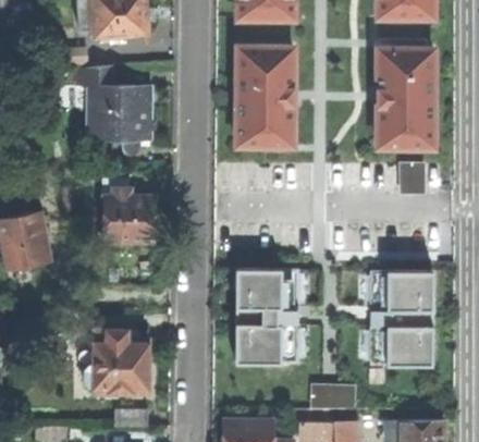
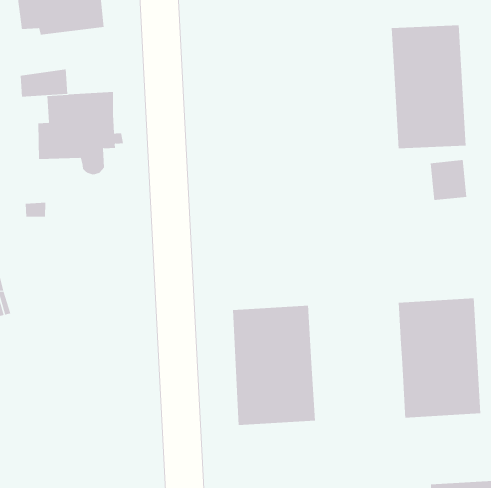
building: [236,47,293,146] -> none
building: [105,189,155,243] -> none
building: [84,330,148,393] -> none
building: [314,381,360,407] -> none

